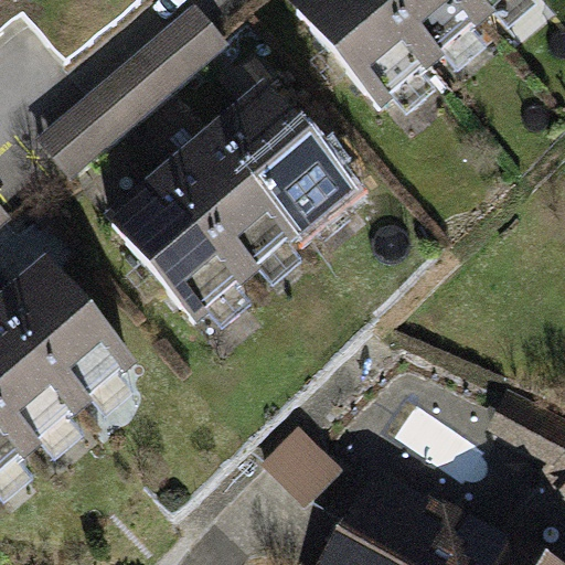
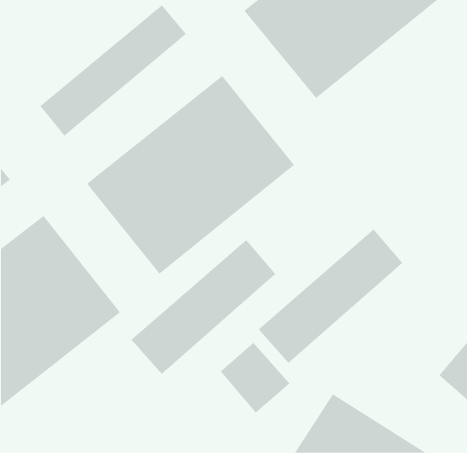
building: none -> [258,229,403,364]
building: none -> [131,239,276,375]

